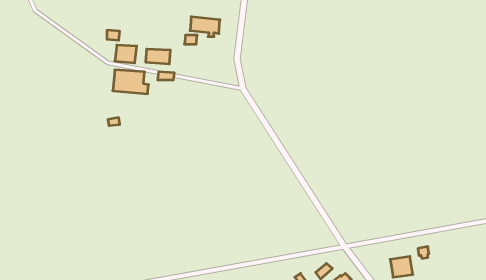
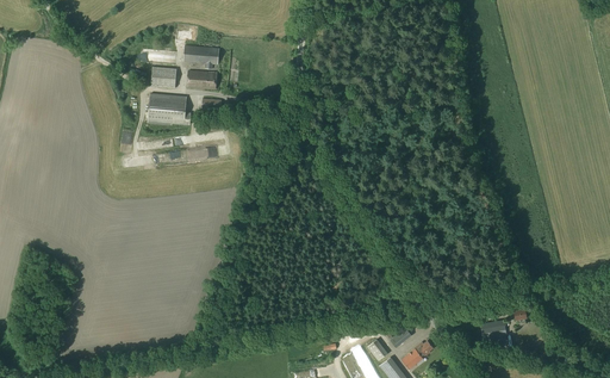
building: [190,17,220,37] -> [183,44,219,68]

